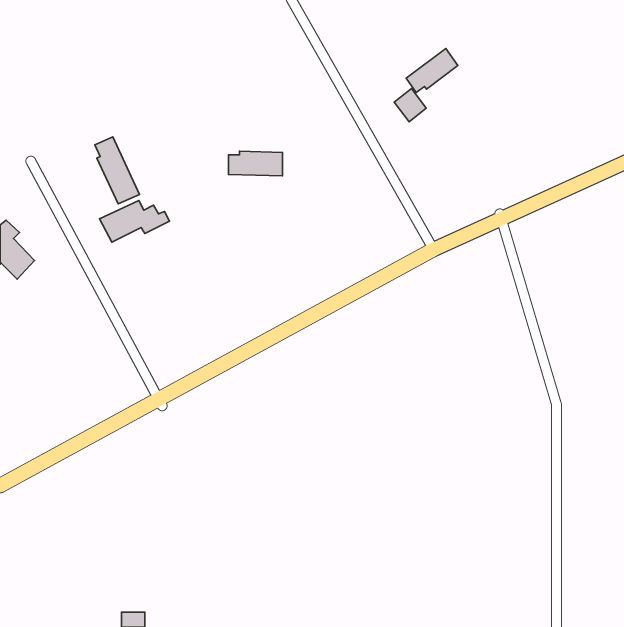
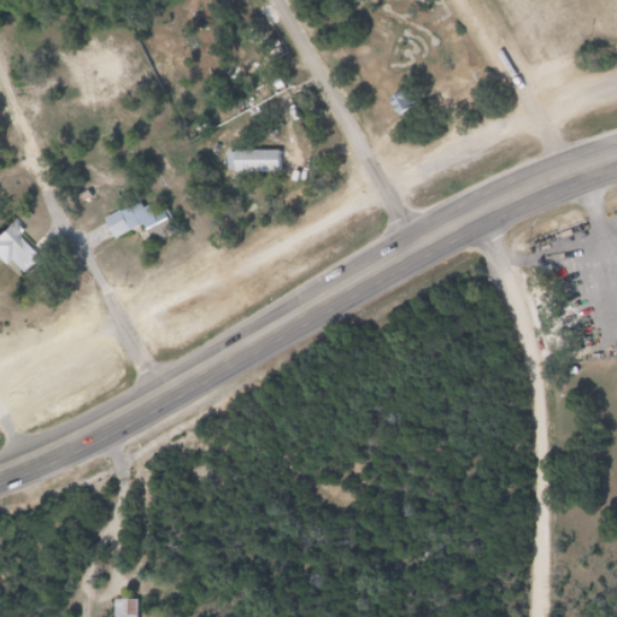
building: [406,48,458,93] -> none
building: [95,137,140,204] -> none

